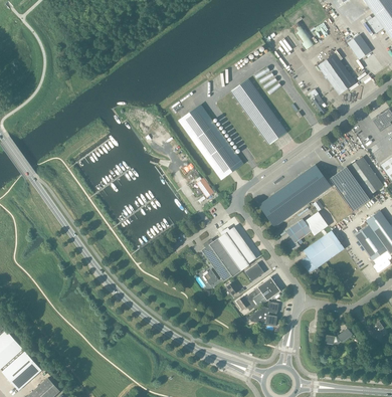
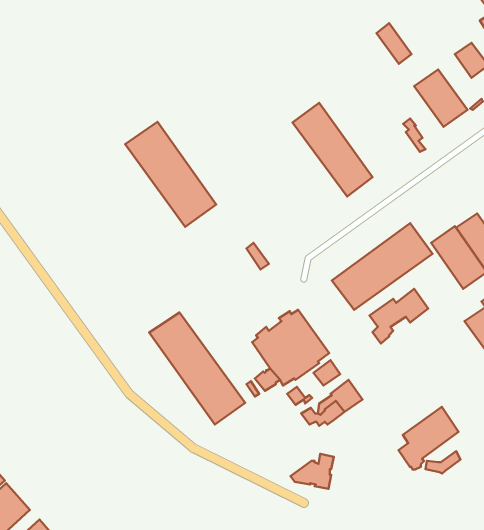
building: [178,104,243,179] -> [125,122,216,227]
building: none -> [149,312,245,425]
building: [301,229,344,274] -> [399,407,459,470]
building: [248,301,279,326] -> [291,454,334,489]

